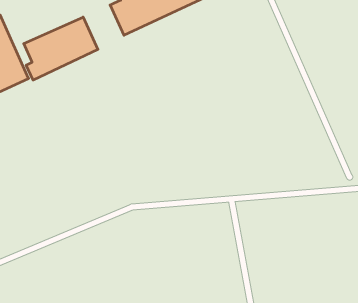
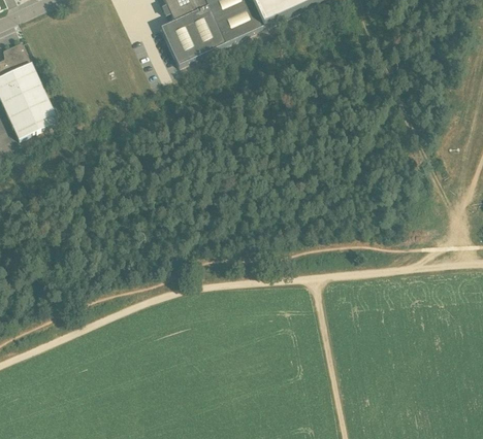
building: [24,17,98,80] -> none

